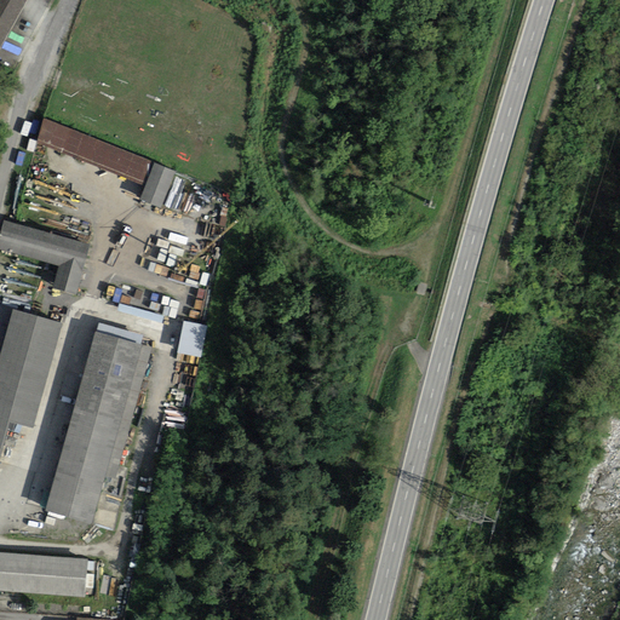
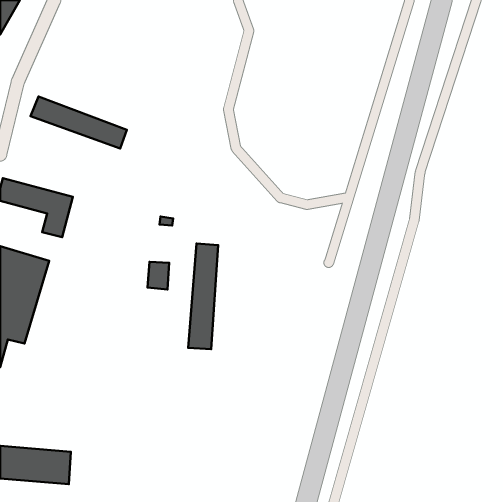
building: [143,165,178,208] -> none
building: none -> [188,244,218,349]
building: [44,329,144,524] -> none

